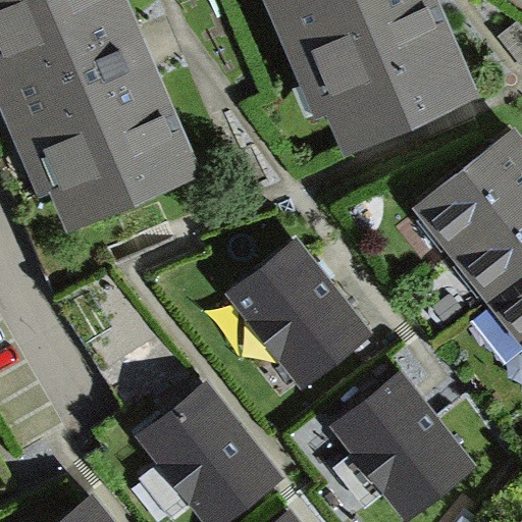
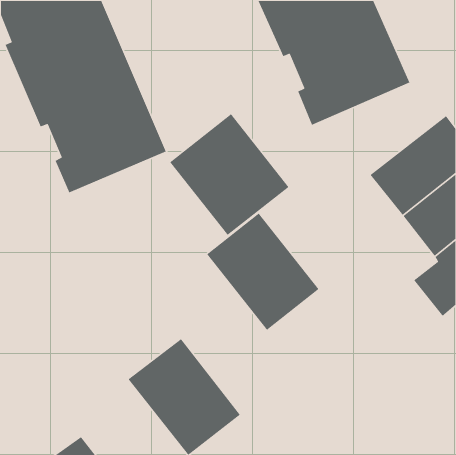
building: none -> [169,113,290,236]
building: [340,376,469,512] -> none

